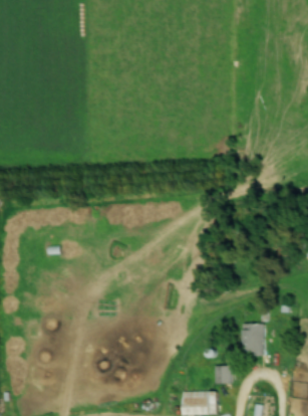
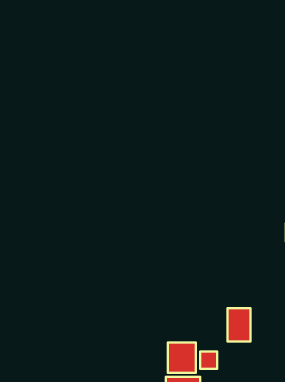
building: none -> [168,343,196,373]

